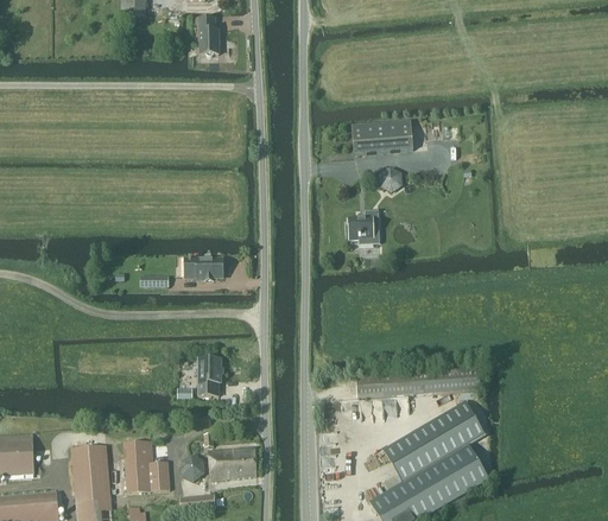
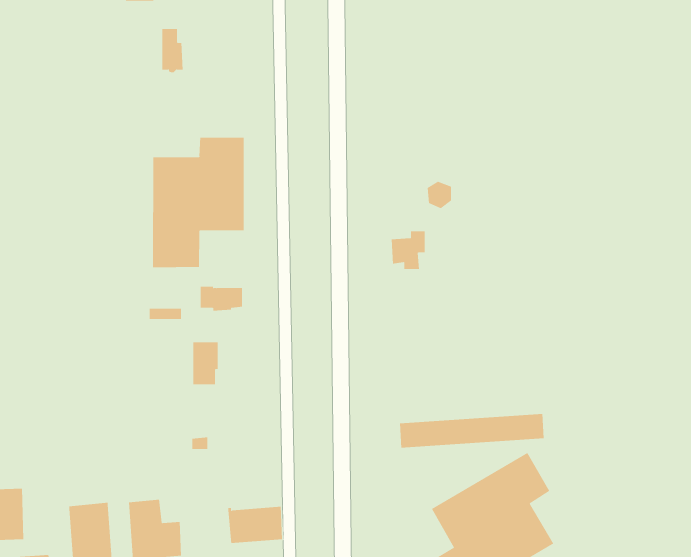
building: [200,18,218,56] -> [161,29,184,73]
building: [350,120,412,153] -> none
building: none -> [152,137,244,268]
building: [197,358,220,395] -> [192,342,219,385]
building: [179,450,205,479] -> none

